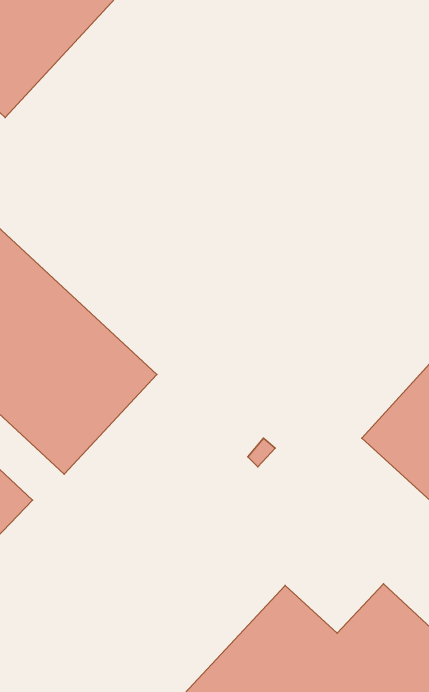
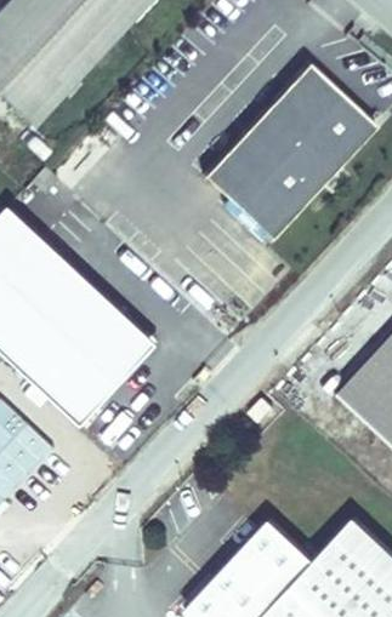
building: none -> [203,64,375,240]

